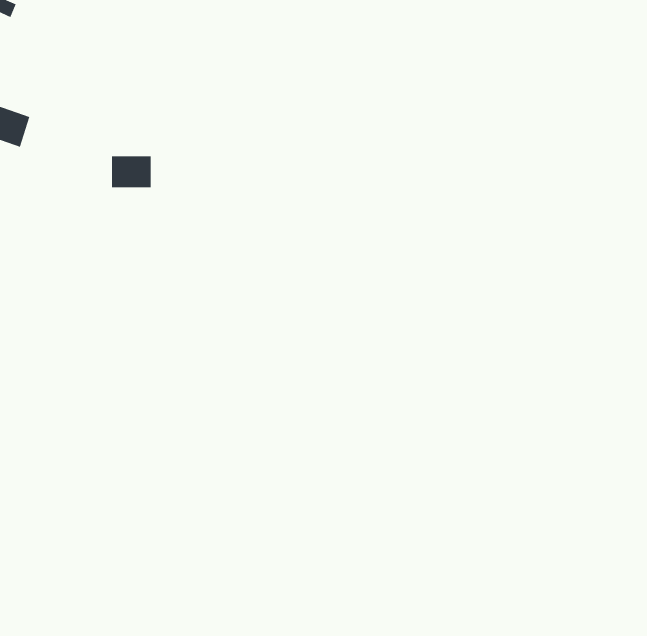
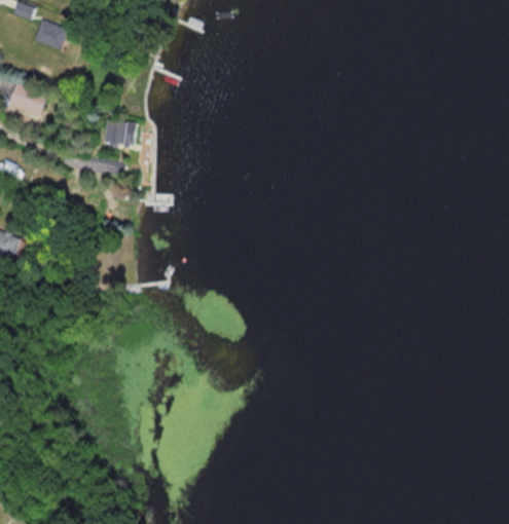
building: none -> [35,20,67,50]

